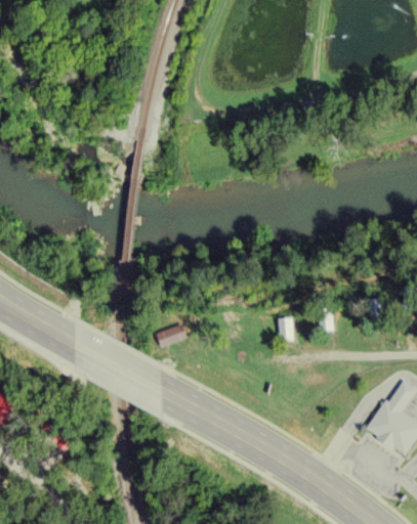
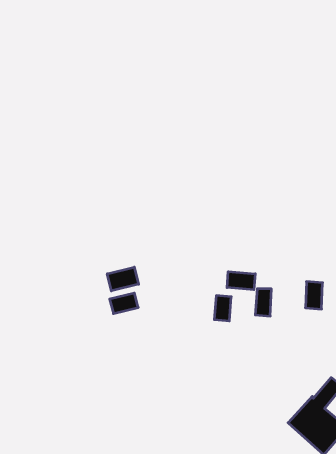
building: none -> [227,272,255,290]
building: none -> [107,267,139,291]

